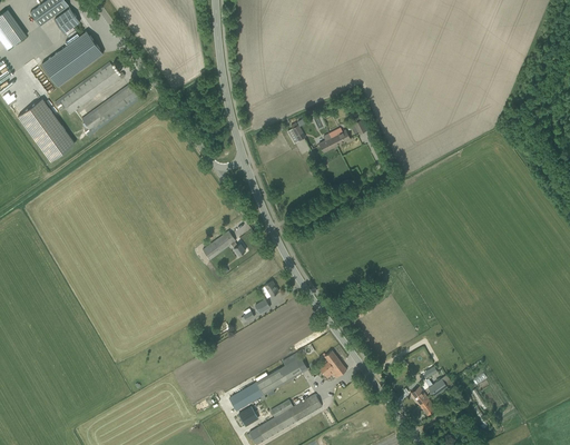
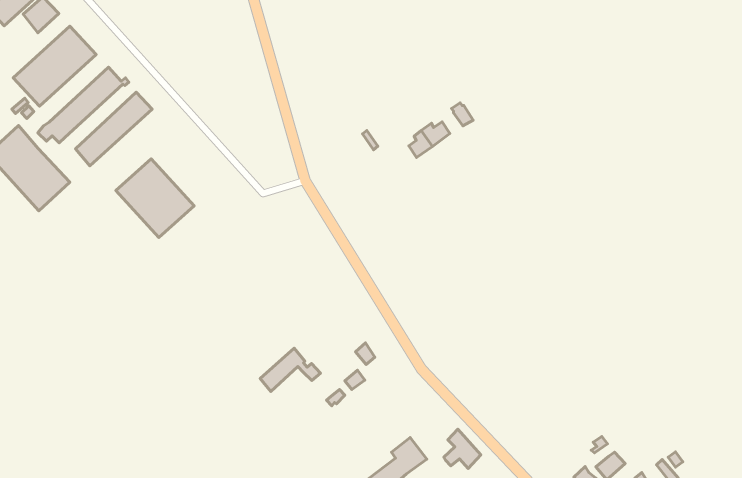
building: none -> [116,159,194,238]
building: [202,230,245,259] -> [260,348,320,391]

